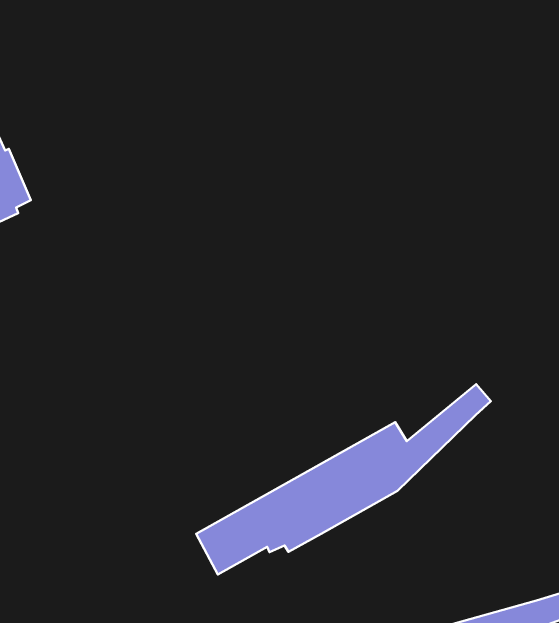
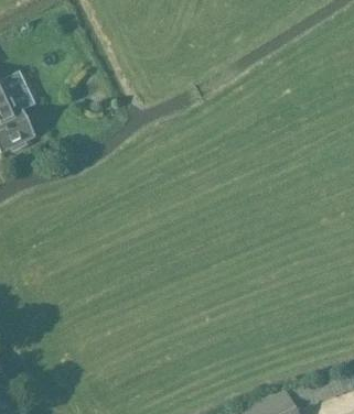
building: [196,384,491,574] -> none

